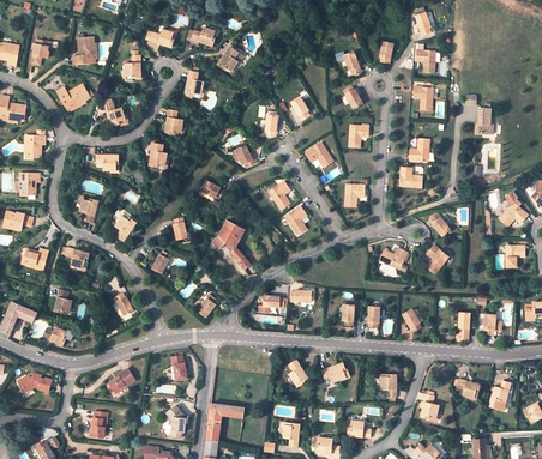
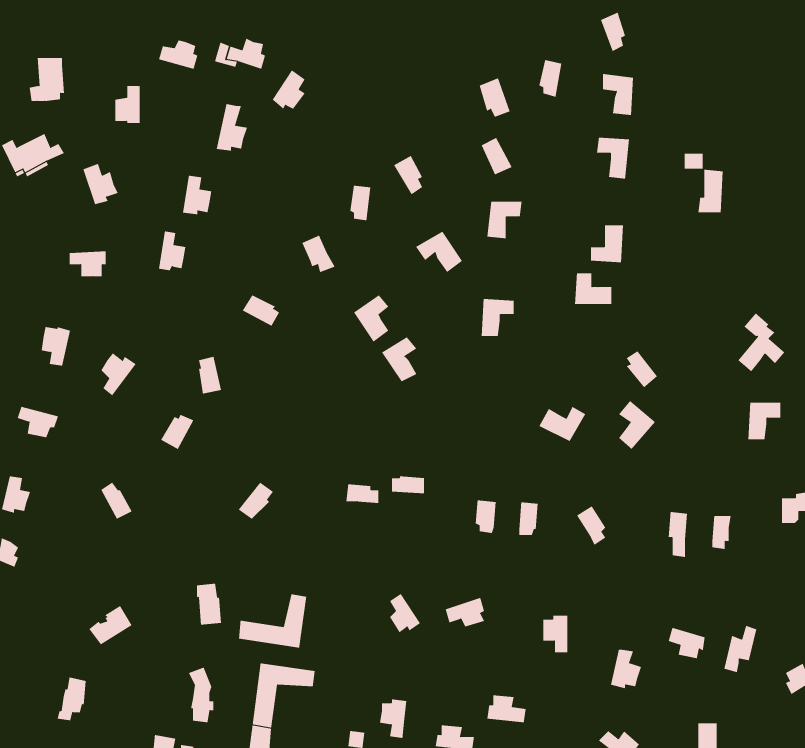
building: [212,219,252,268] -> none
building: none -> [238,594,307,649]

